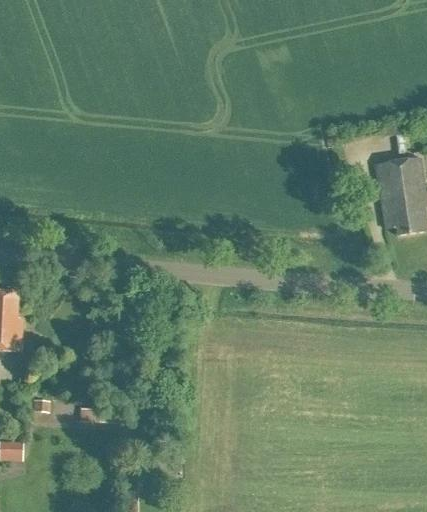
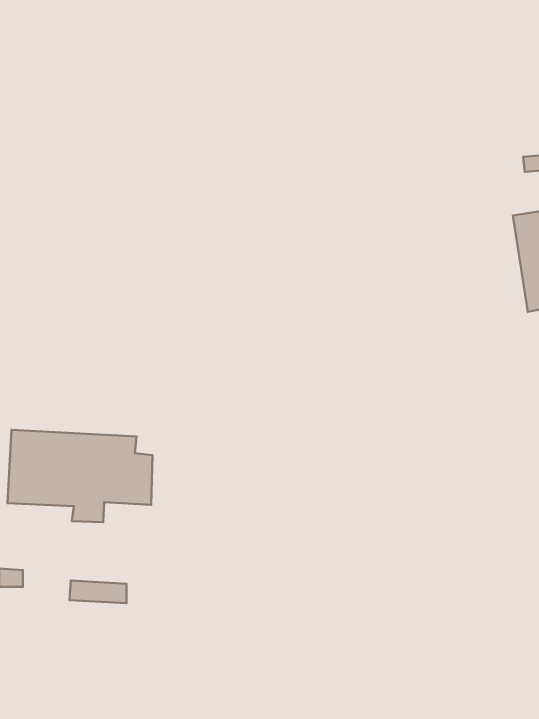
building: none -> [8,430,152,522]

